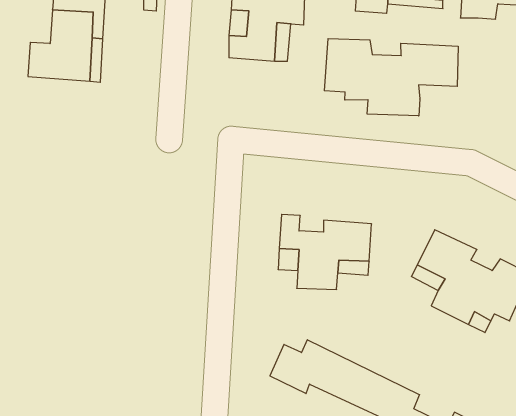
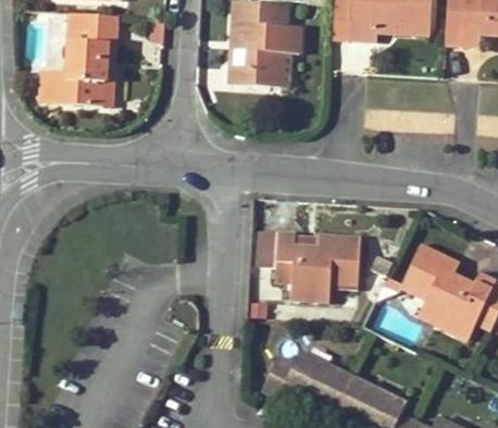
building: [324,39,458,116] -> none

